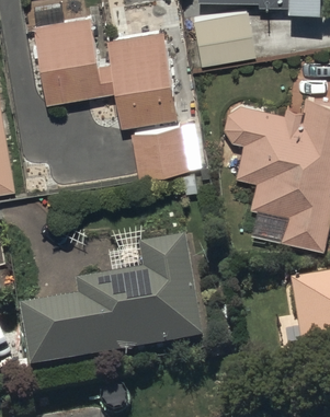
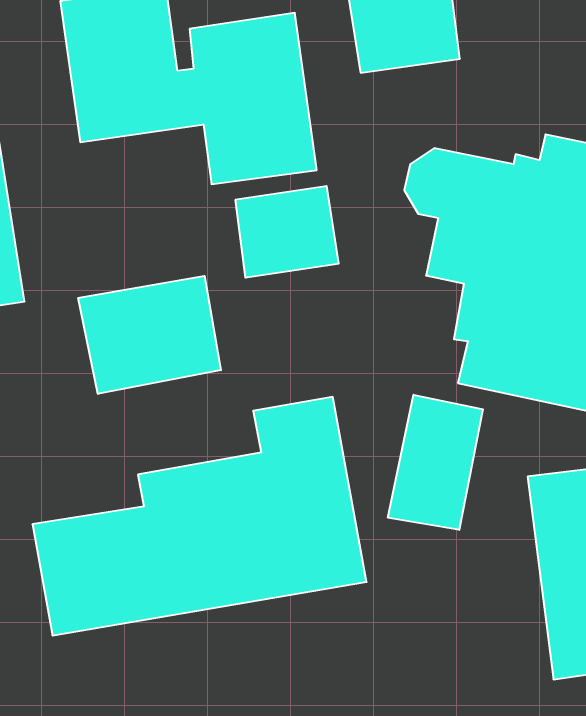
building: none -> [78,276,221,394]
building: none -> [388,395,483,530]

